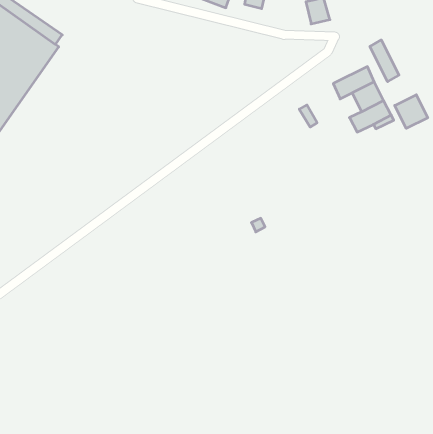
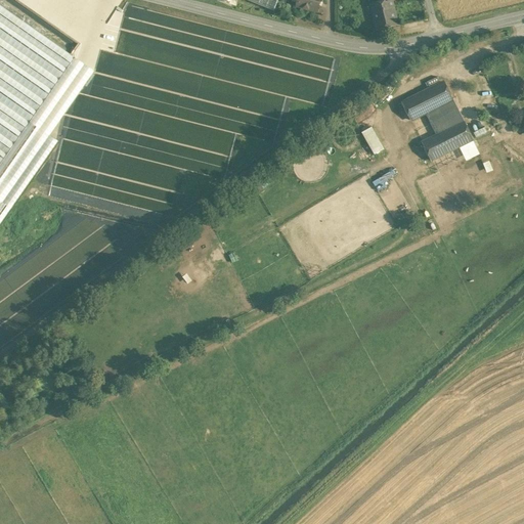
building: [370,40,399,82] -> none
building: [395,95,428,128] -> none

